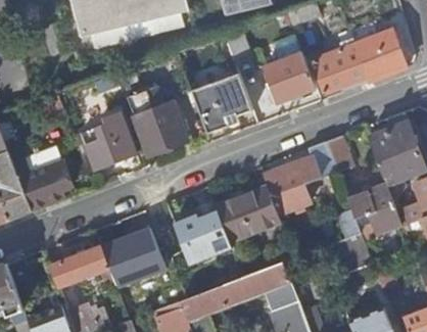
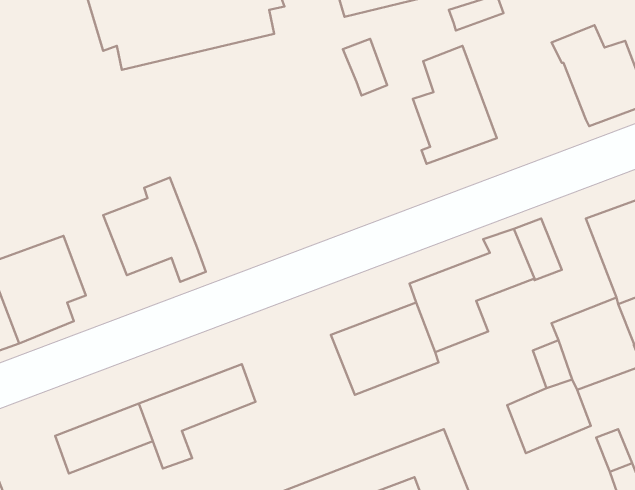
building: [311,31,368,93] -> none
building: [190,73,252,134] -> none
building: [128,85,185,152] -> none
building: [171,205,234,269] -> none

